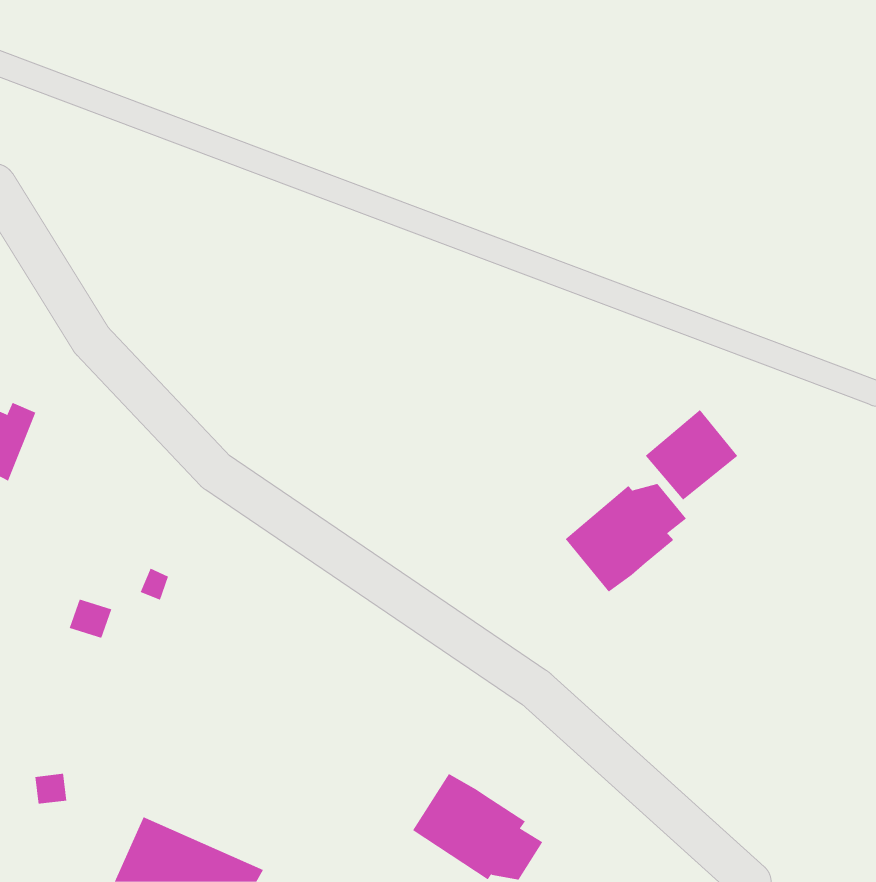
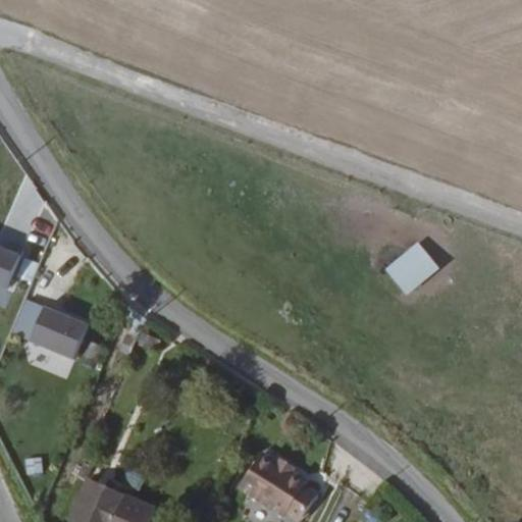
building: [565,483,687,592] -> none
building: none -> [30,301,87,354]

